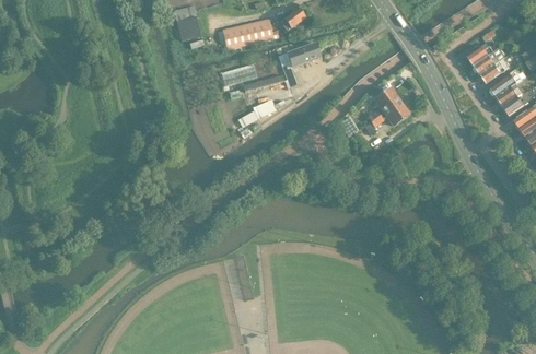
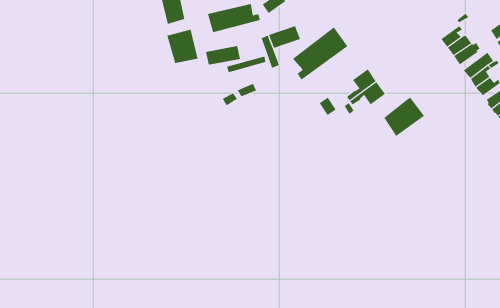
building: none -> [292,26,348,81]
building: none -> [167,29,198,64]
building: none -> [383,97,425,137]

